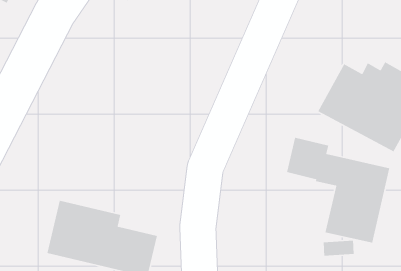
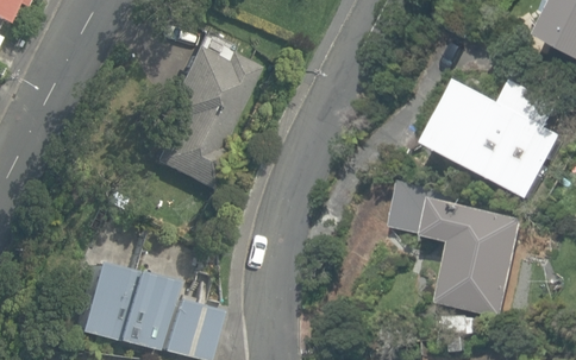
building: none -> [152,31,257,189]

